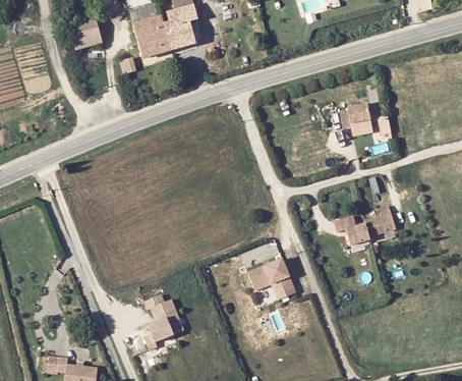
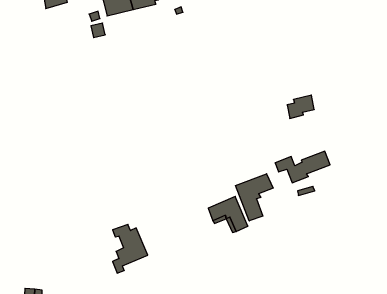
building: [347,104,378,130] -> [287,95,314,118]
building: none -> [236,174,273,221]

